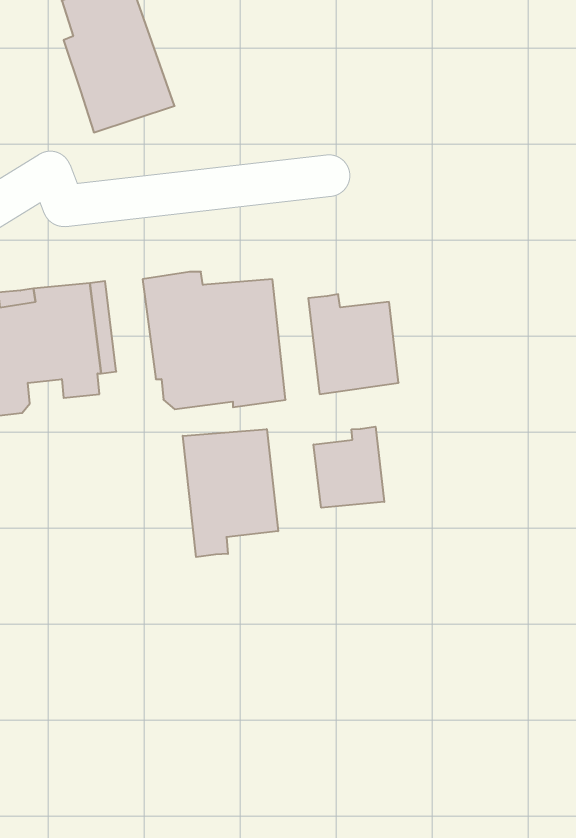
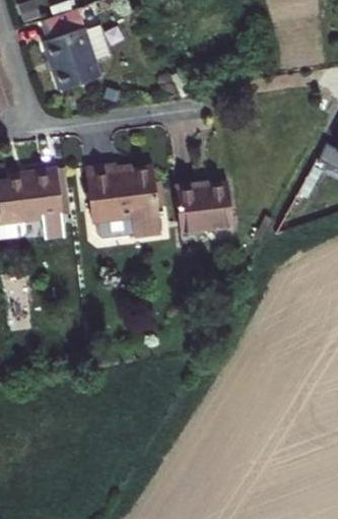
building: [314,427,384,508] -> none
building: [183,429,278,557] -> none

